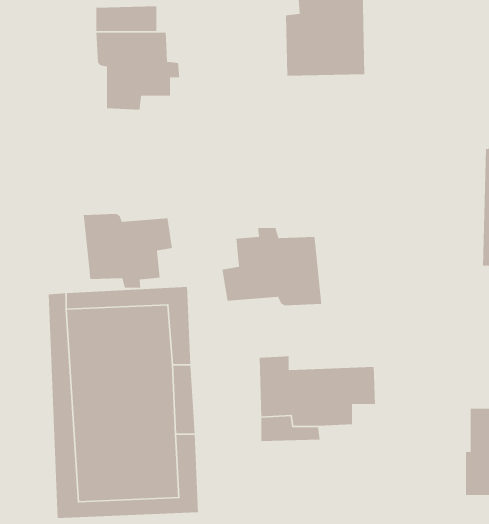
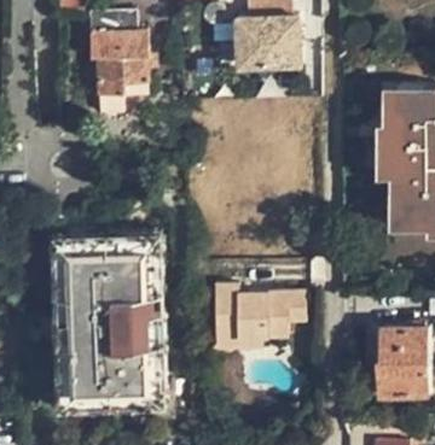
building: [83,213,173,289] -> none
building: [221,227,322,306] -> none

